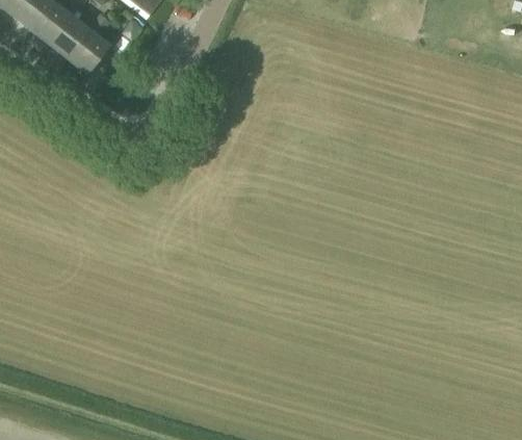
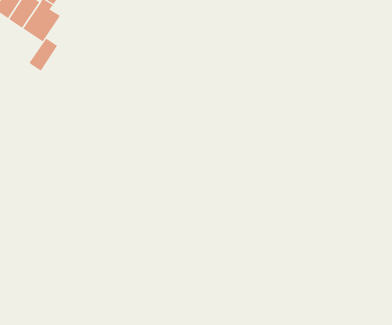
building: none -> [29,38,58,71]

